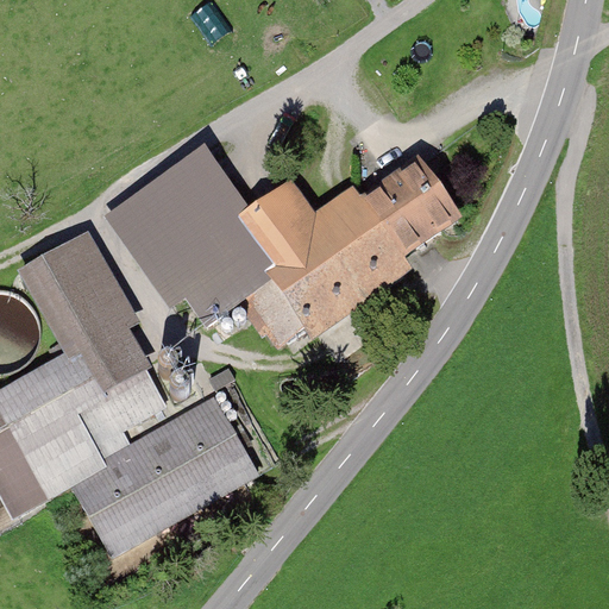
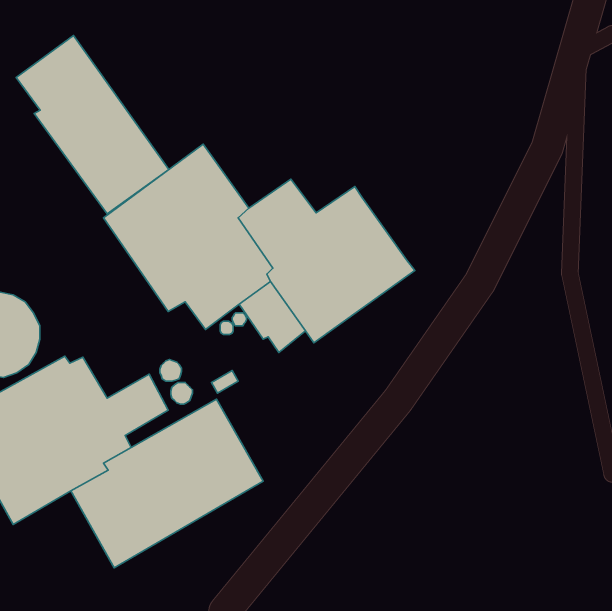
building: none -> [16,35,169,214]
building: [358,155,459,257] -> none
building: [18,231,152,394] -> none

